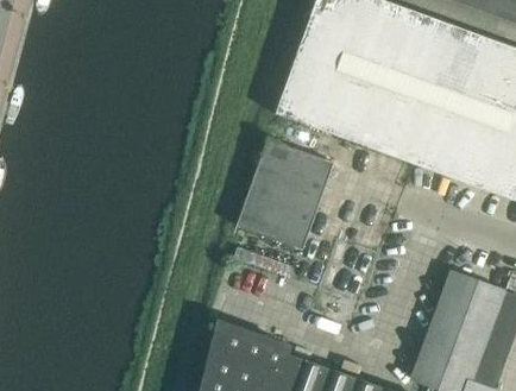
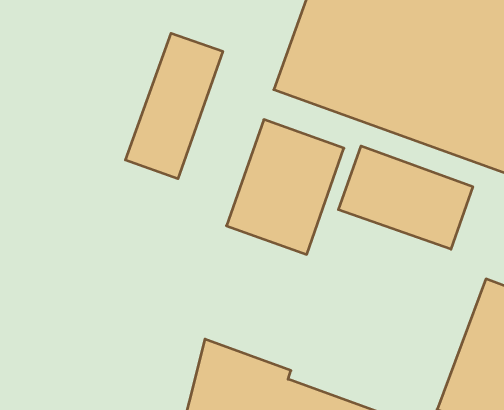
building: none -> [125,33,223,179]
building: none -> [338,146,473,249]

